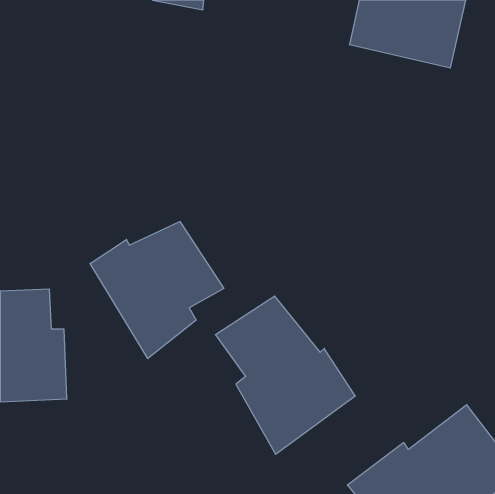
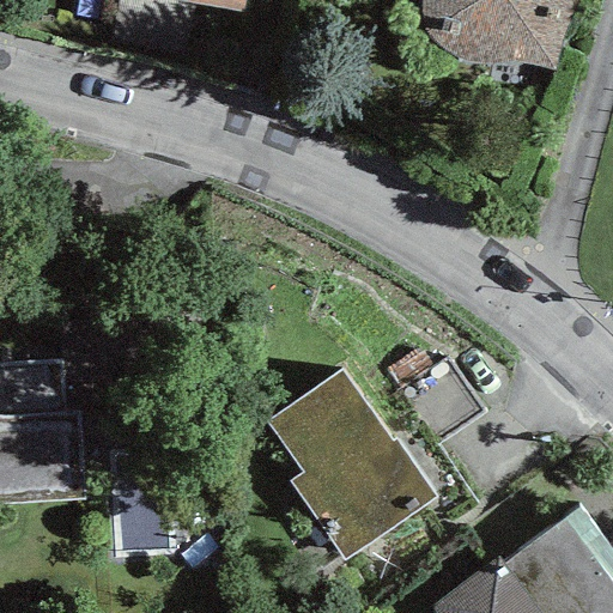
building: [90,222,224,359] -> none

